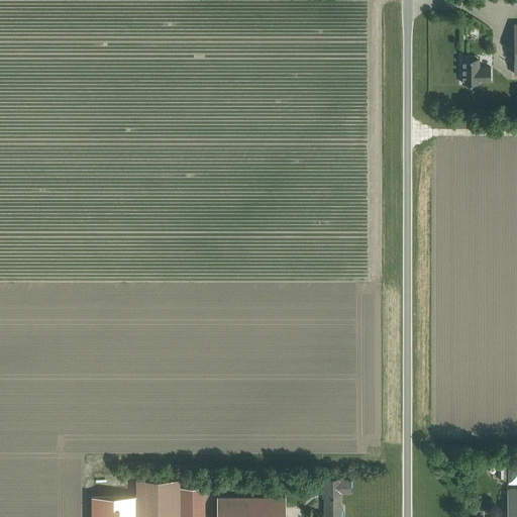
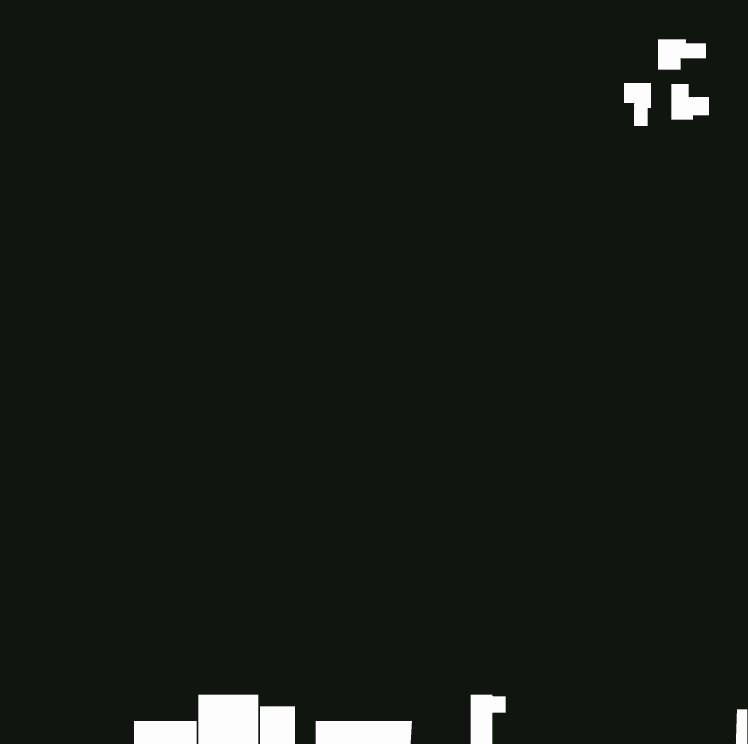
building: none -> [658,39,706,71]
building: none -> [623,82,652,127]

